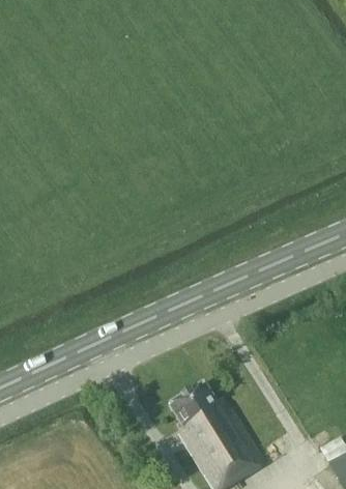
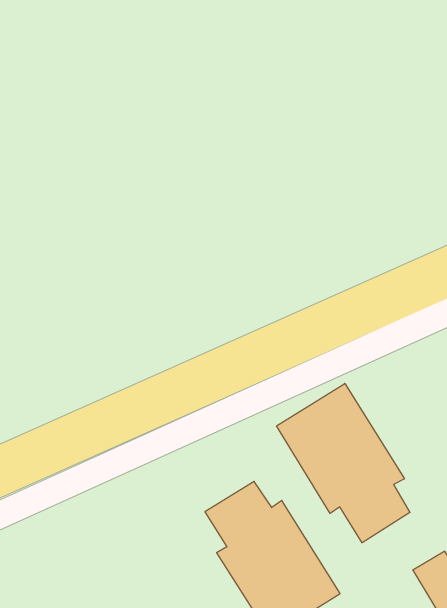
building: none -> [277,383,410,543]

